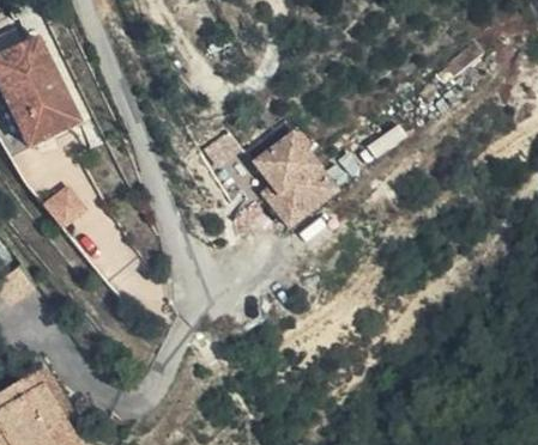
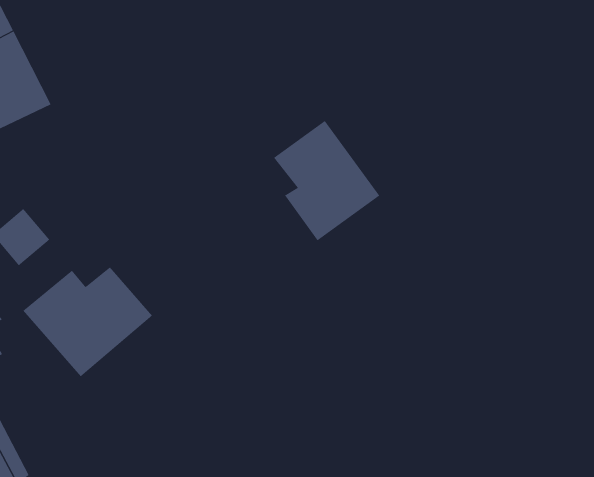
building: none -> [23,266,153,377]

